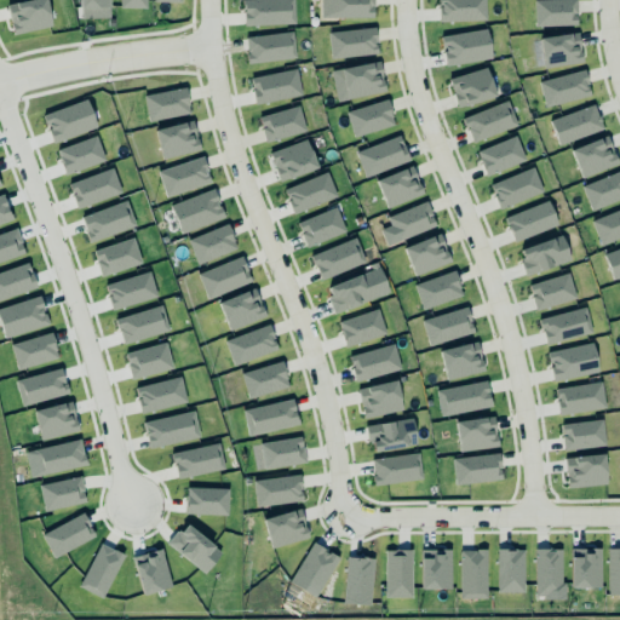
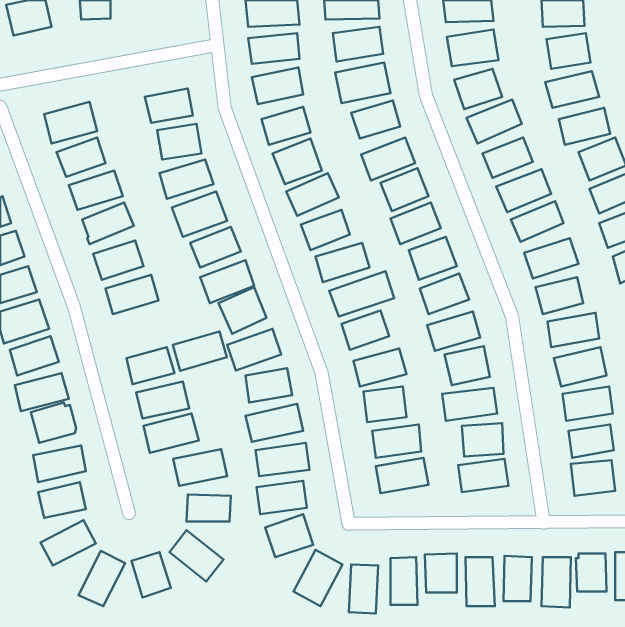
building: [117,305,171,344] -> [173,331,227,371]

